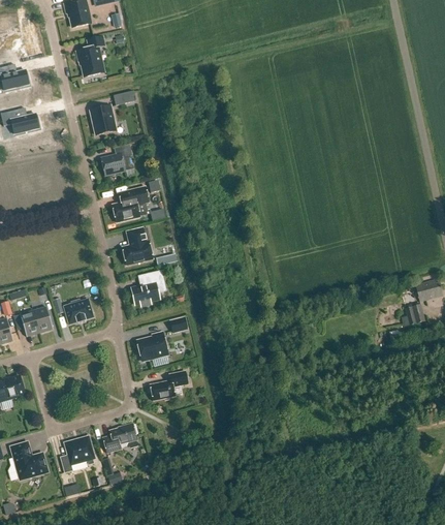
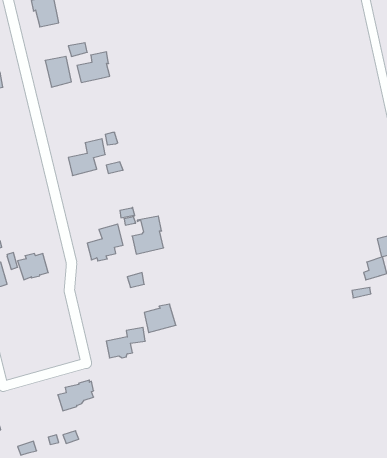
building: [100,145,132,175] -> [77,52,110,82]
building: [121,227,152,265] -> [132,216,164,254]
building: [136,333,167,361] -> [144,304,176,333]
building: [60,436,94,472] -> none

